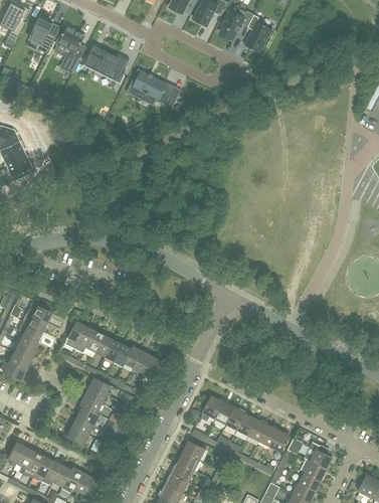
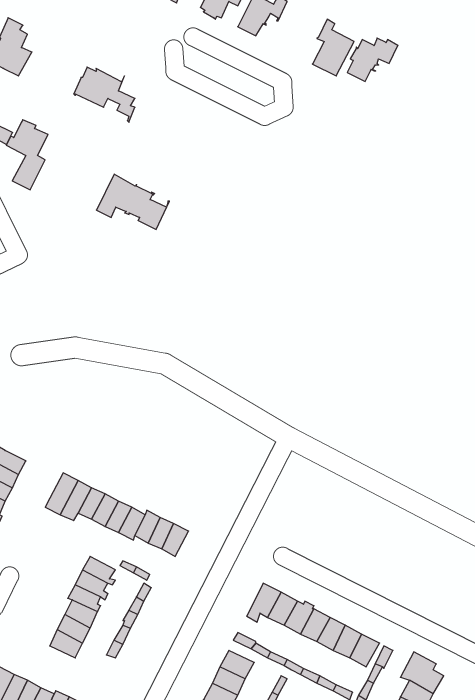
building: [220,10,254,39] -> [347,38,398,81]
building: [56,26,84,73] -> [6,120,48,190]
building: [126,68,175,106] -> [96,174,169,229]

